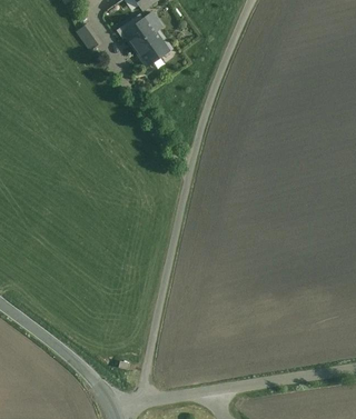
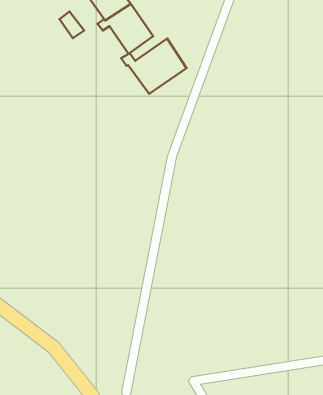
building: none -> [121,38,187,94]

